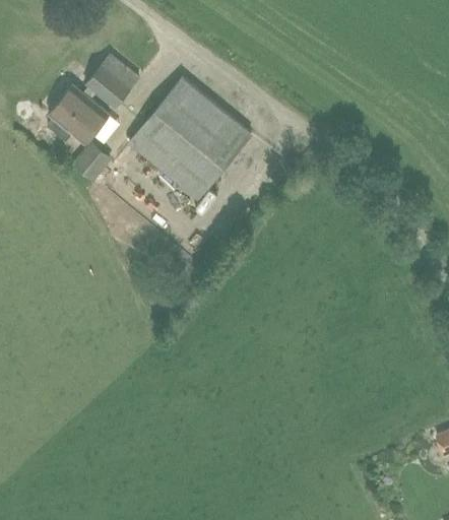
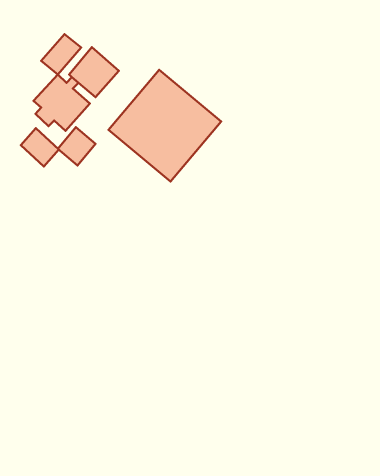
building: none -> [41,34,81,75]
building: none -> [21,128,59,167]

